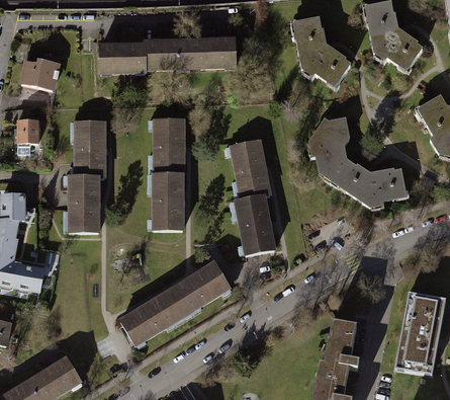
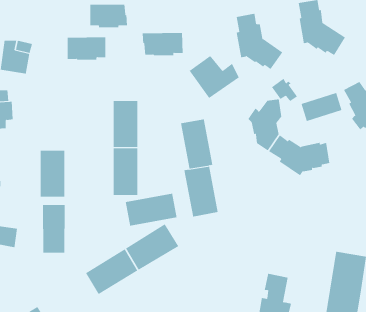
building: [145,42,189,69] -> [89,4,128,28]
building: none -> [189,55,240,99]
building: none -> [271,78,298,102]
building: none -> [301,92,342,122]
building: [75,122,103,177] -> none
building: none -> [125,193,177,227]
building: none -> [42,204,65,253]

